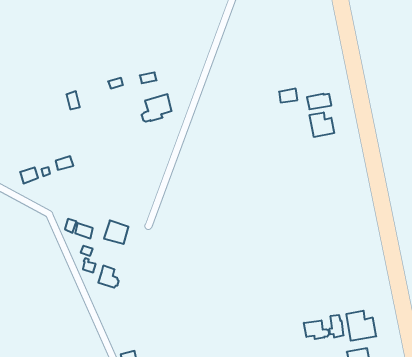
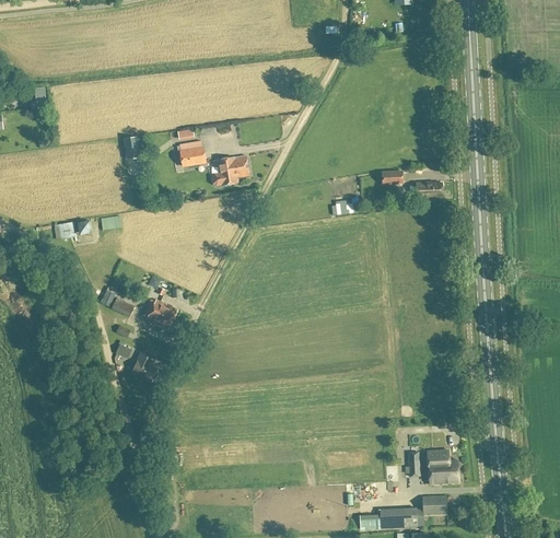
building: none -> [178,140,205,165]
building: [310,112,334,137] -> none
building: [304,320,329,339] -> none

